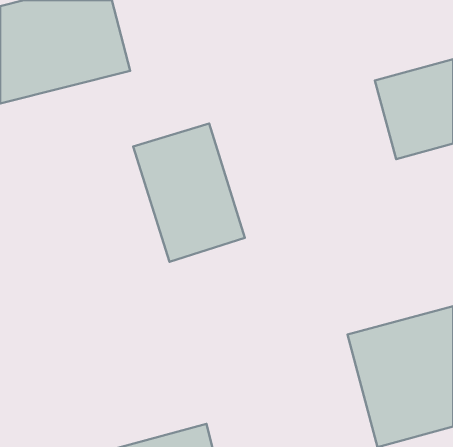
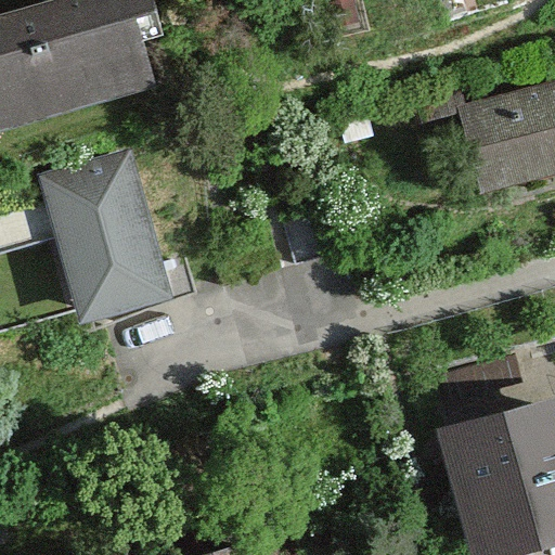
building: [133,124,245,262] -> [36,149,172,318]

